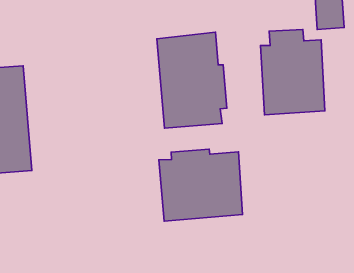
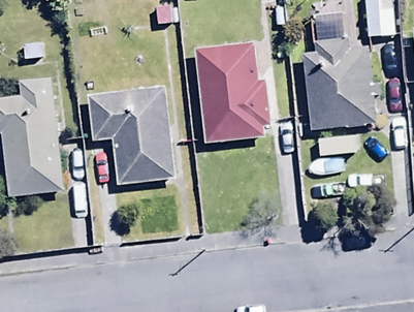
building: none -> [87,86,172,185]
building: [159,149,242,221] -> none

